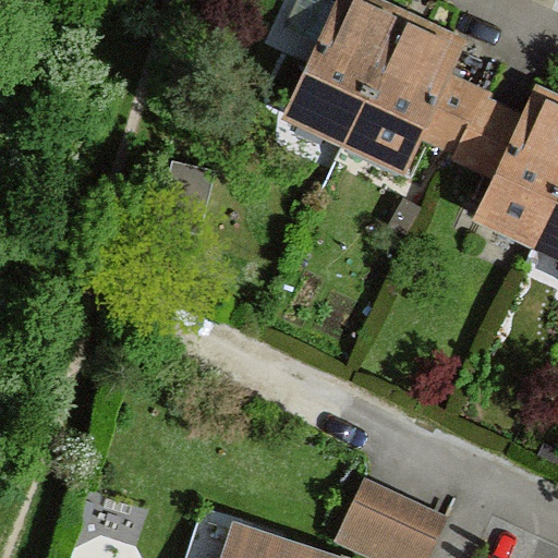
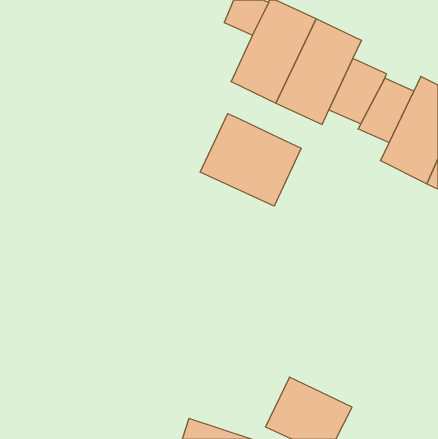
building: none -> [200,114,301,206]

